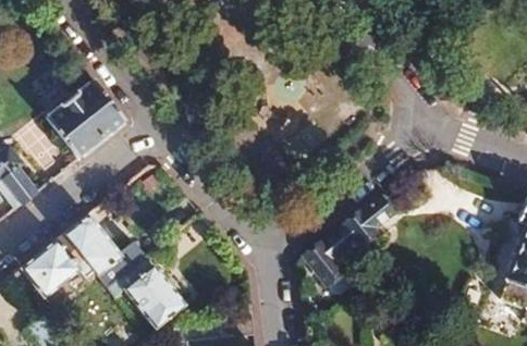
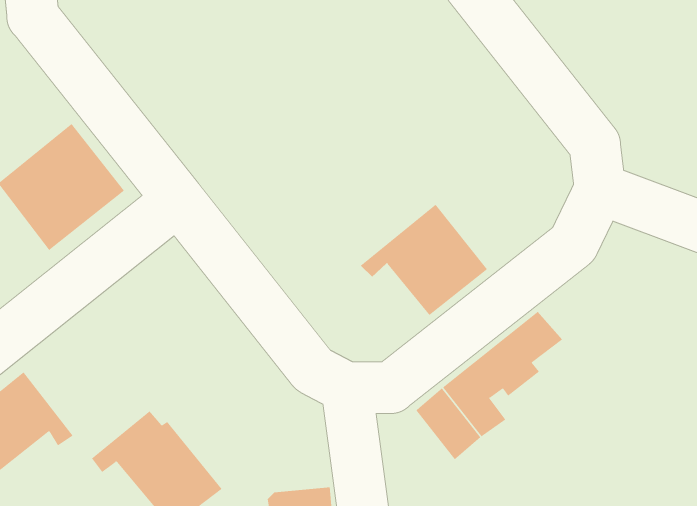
building: none -> [360,204,488,316]
building: [64,213,144,286] -> none

